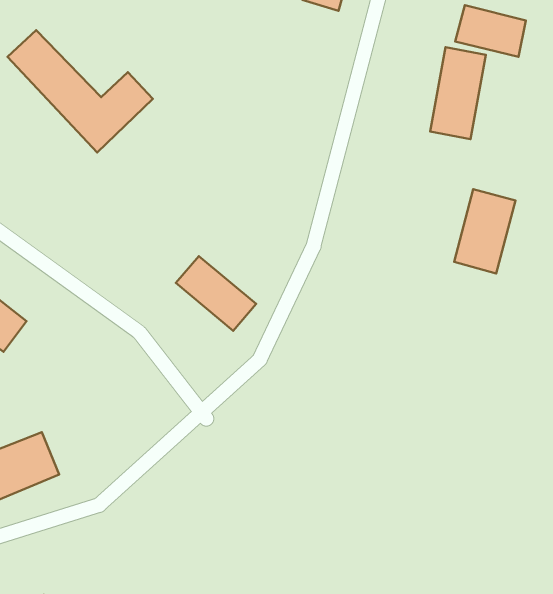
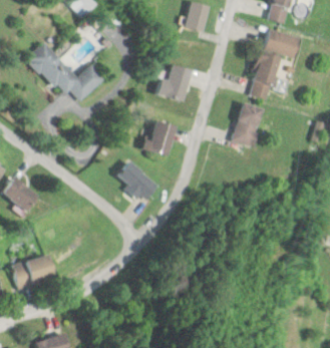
building: none -> [155,65,192,101]
building: none -> [141,120,175,157]
building: [454,189,515,273] -> [232,102,264,146]

